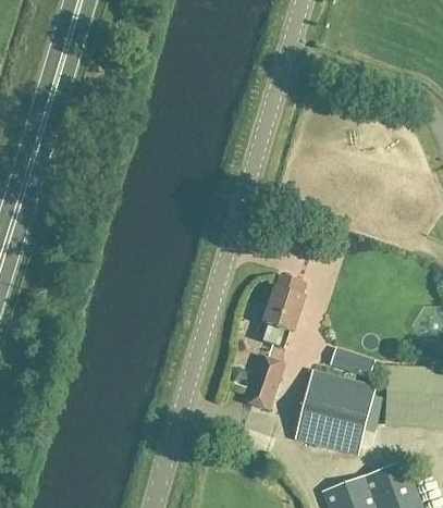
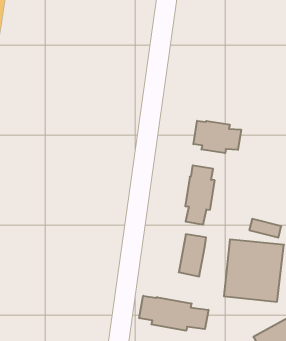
building: none -> [193,121,241,153]
building: none -> [139,296,208,331]

